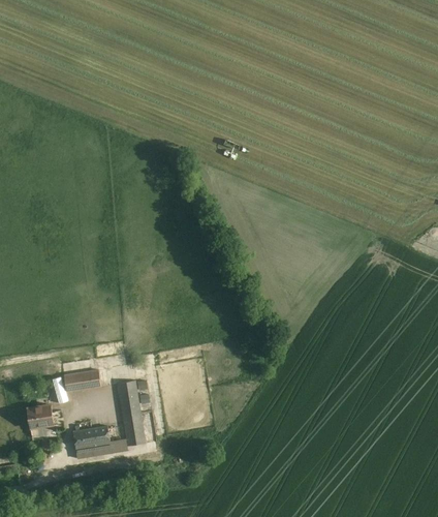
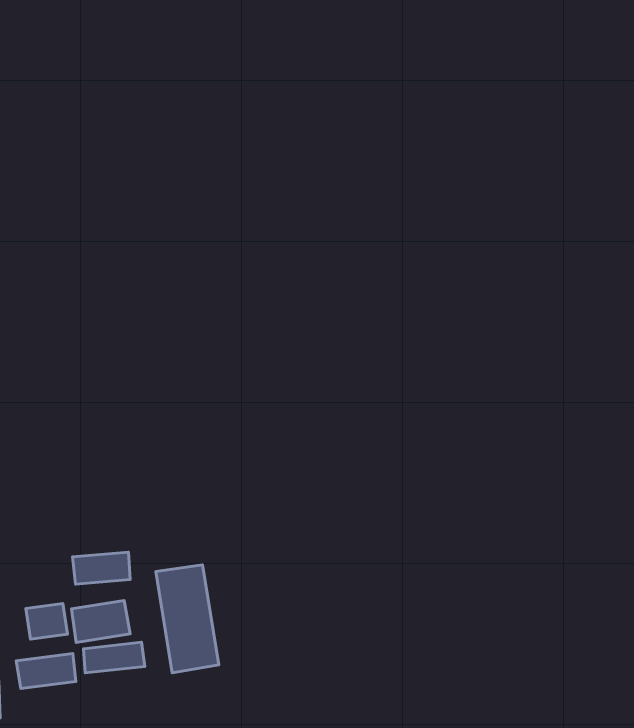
building: none -> [72,601,130,643]
building: none -> [16,653,76,688]

